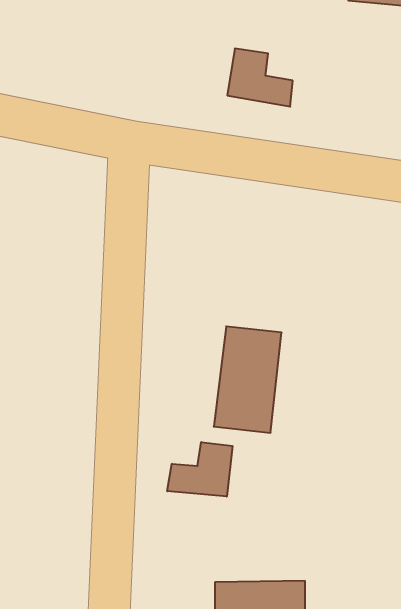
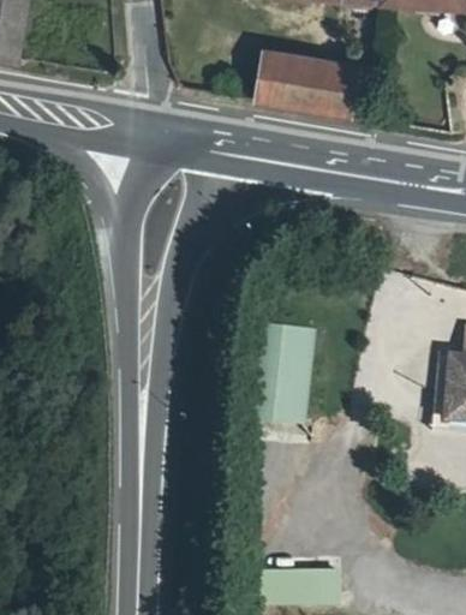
building: none -> [295,54,357,111]
building: [167,442,232,497] -> none

